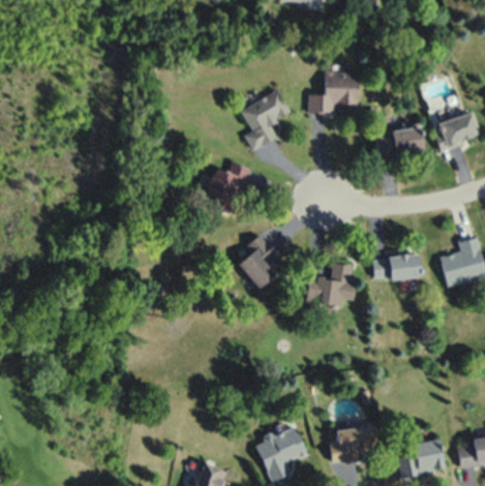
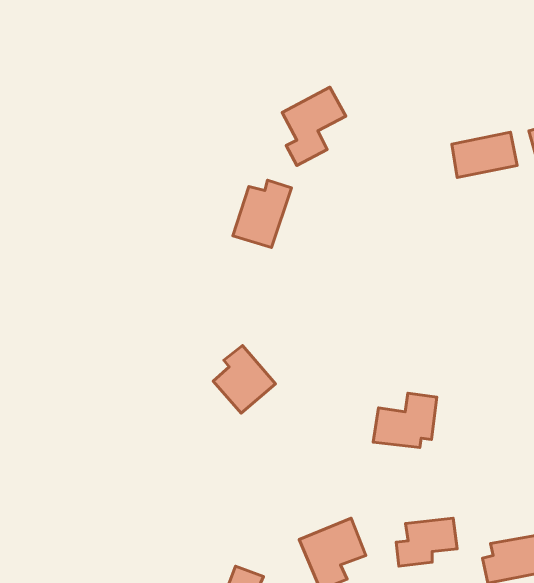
building: [309,71,359,114] -> none
building: [238,235,286,287] -> [213,345,276,413]
building: [373,255,422,281] -> none
building: [306,264,356,306] -> [373,393,437,448]

